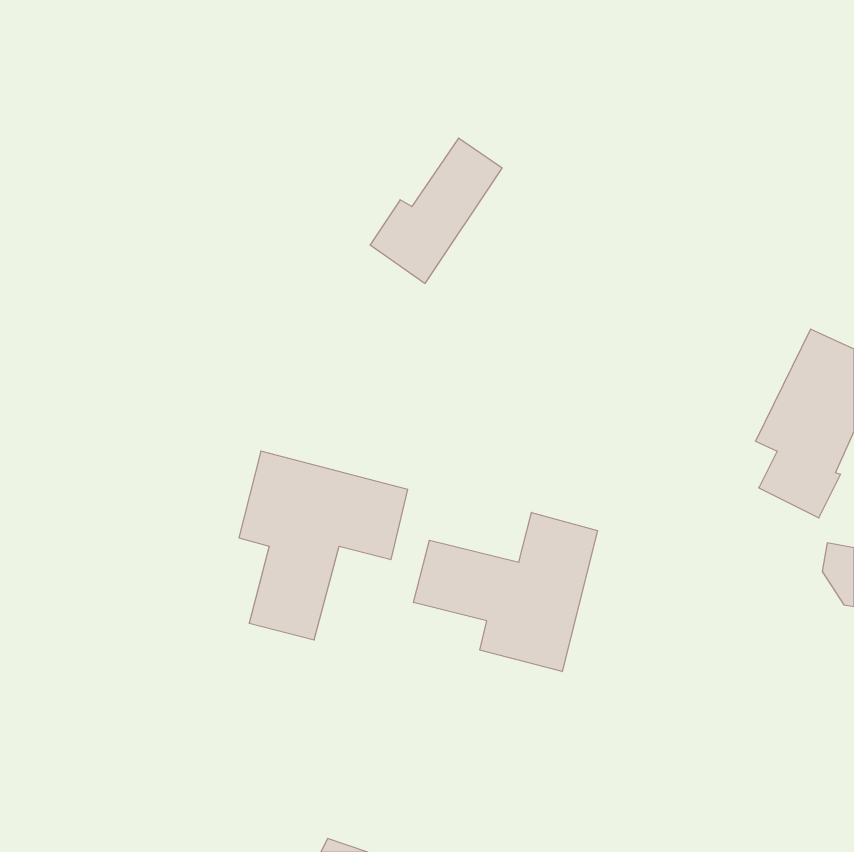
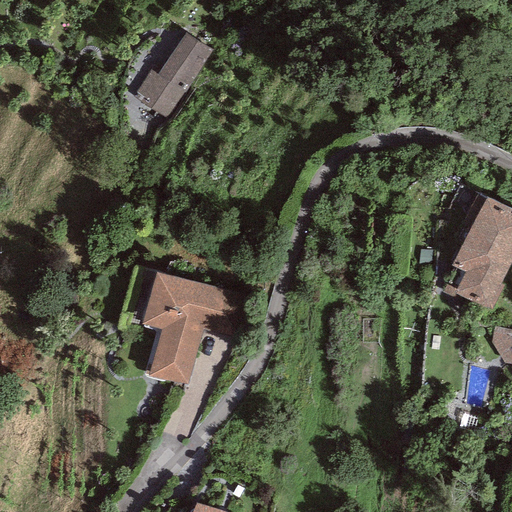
building: [370,138,502,283] -> [133,32,212,119]
building: [414,512,598,672] -> none

